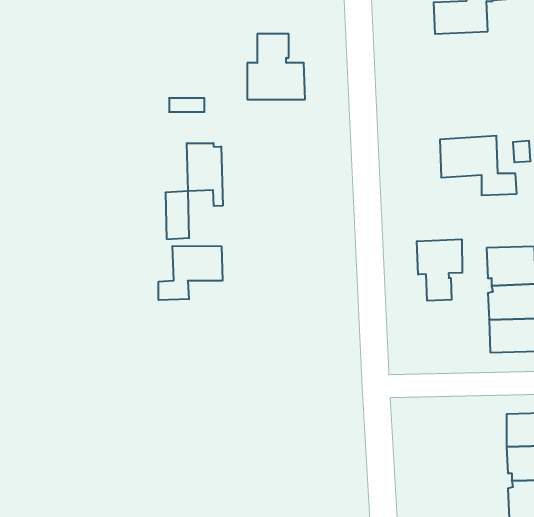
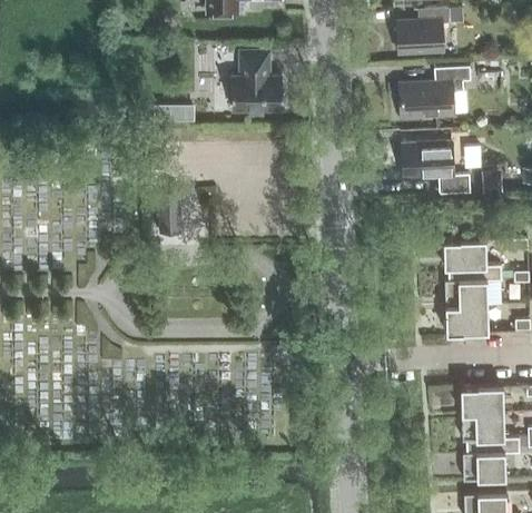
building: none -> [400,67,472,117]
building: [187,143,223,206] -> none
building: [417,239,462,301] -> none
building: [159,246,222,300] -> none

